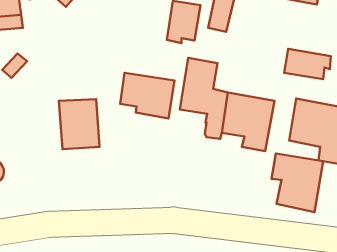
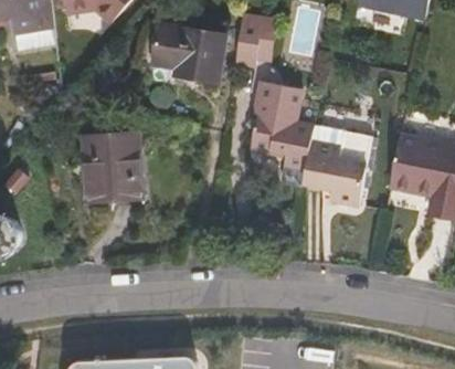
building: [284,49,331,79] -> none
building: [120,73,175,119] -> [156,28,225,86]
building: [271,153,323,212] -> none

